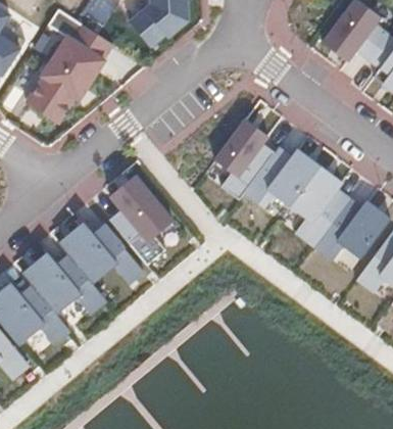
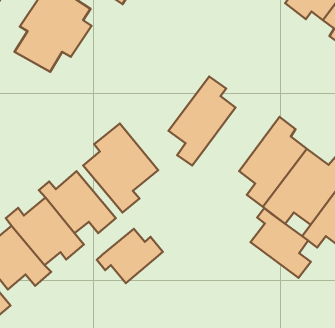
building: [231,142,320,220] -> none
building: none -> [251,208,311,278]
building: none -> [97,229,163,283]

